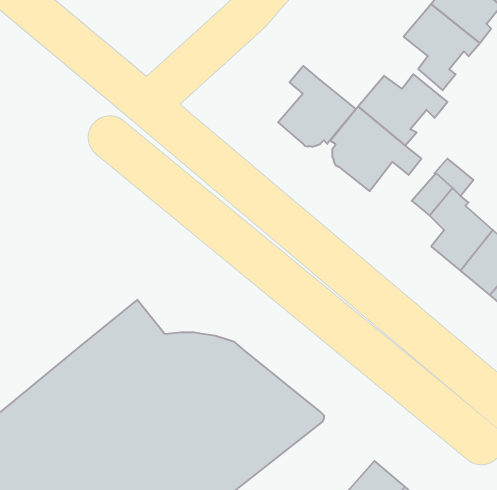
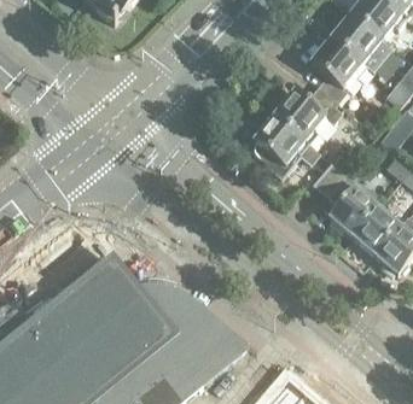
building: [278,66,356,147] -> none

